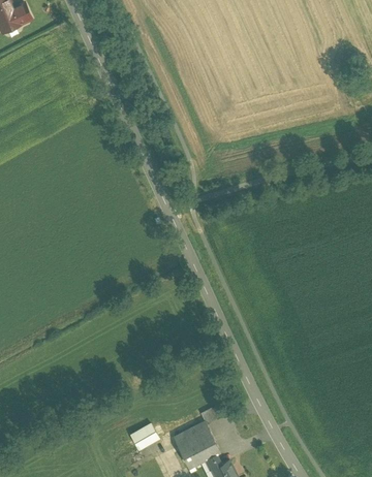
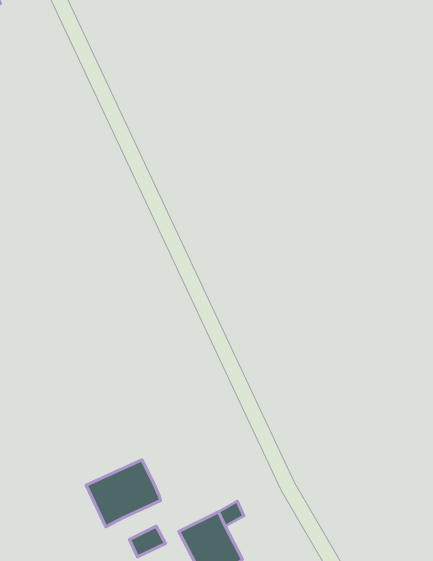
building: none -> [86,460,161,527]

